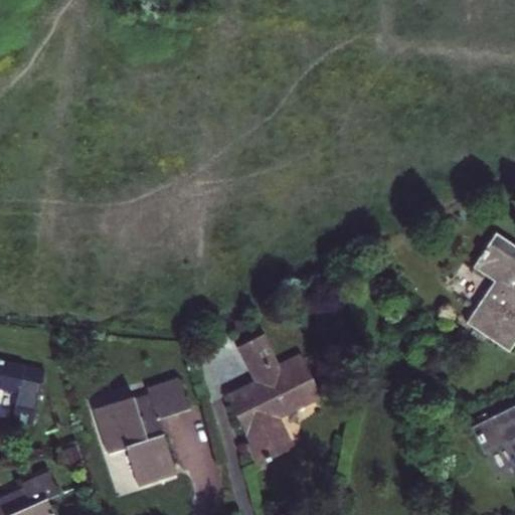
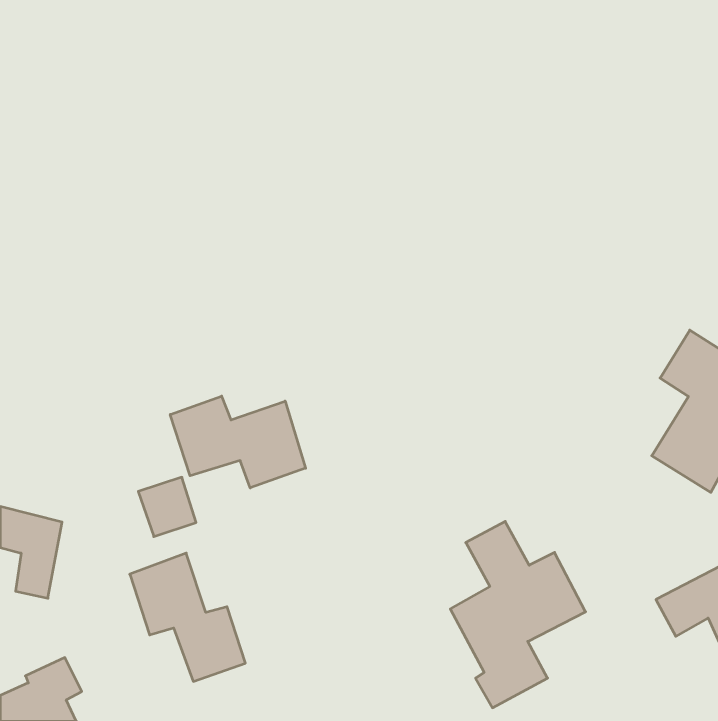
building: none -> [170,396,306,488]
building: [225,332,322,465] -> [450,521,586,708]
building: [148,377,189,419] -> [138,477,196,537]

